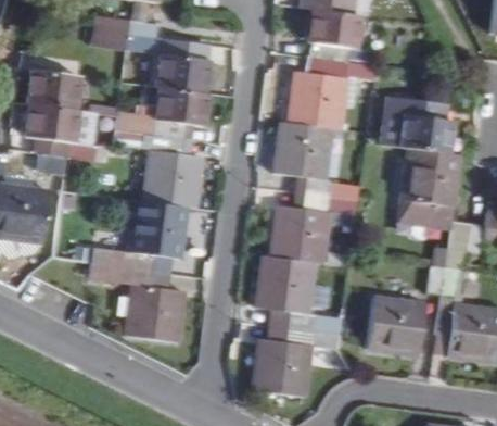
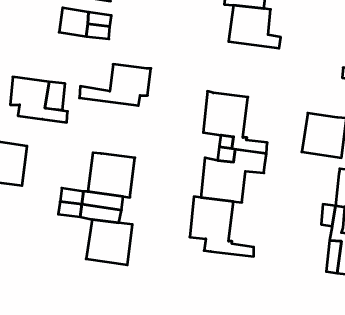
building: [155,53,207,91] -> none
building: [289,57,373,129] -> none
building: [27,67,80,109] -> none
building: [386,99,451,154] -> none
building: [114,129,203,208] -> none
building: [399,199,454,227] -> none
building: [368,298,425,356] -> none
building: [253,327,341,397] -> none

